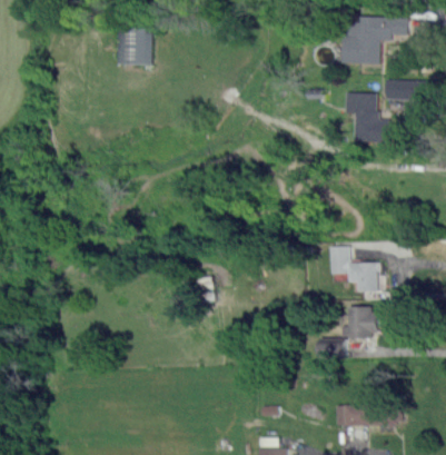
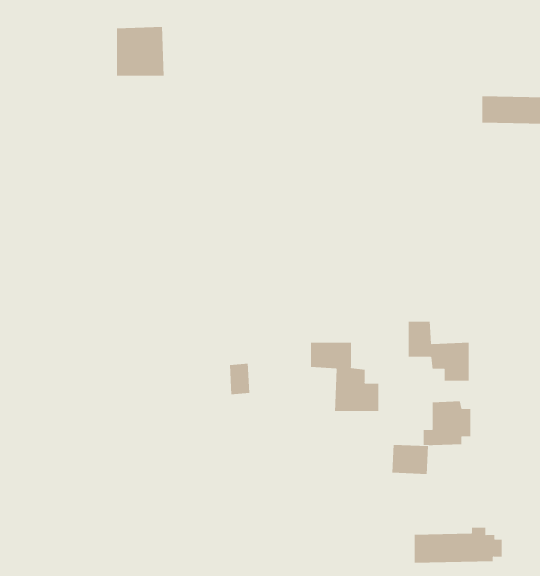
building: [343,14,408,63] -> none
building: [347,96,389,144] -> none
building: none -> [310,342,379,412]

